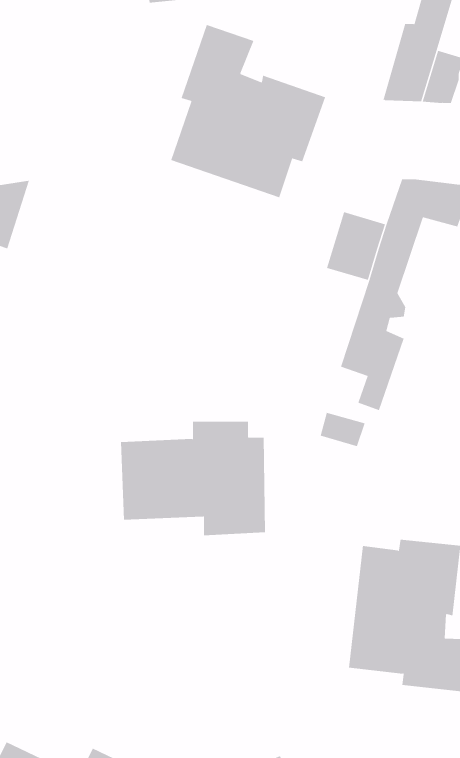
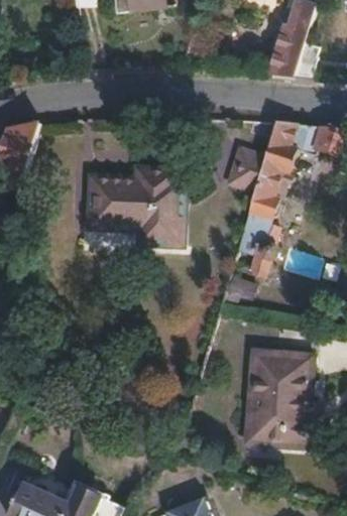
building: [170,24,326,198] -> none
building: [120,421,266,536] -> [96,169,190,243]

